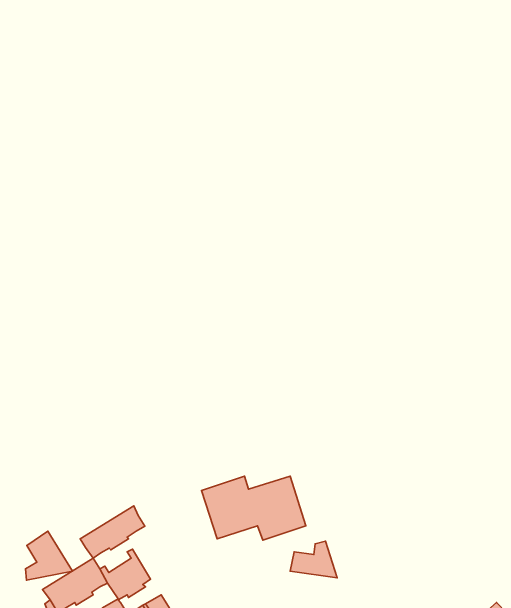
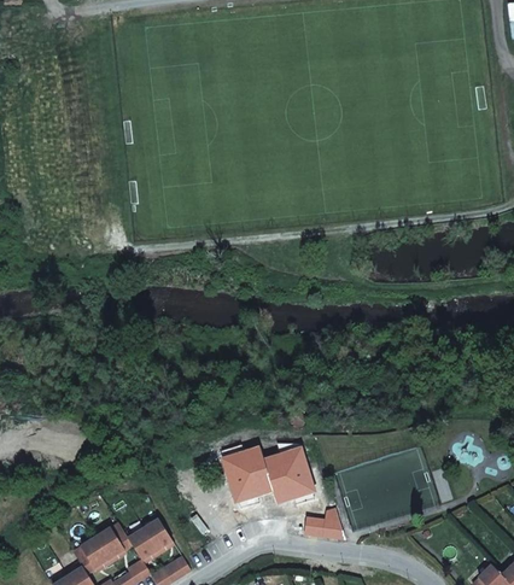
building: [80,506,145,558] -> none
building: [26,531,72,580] -> none

